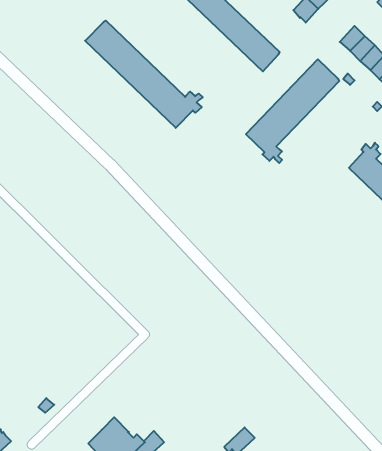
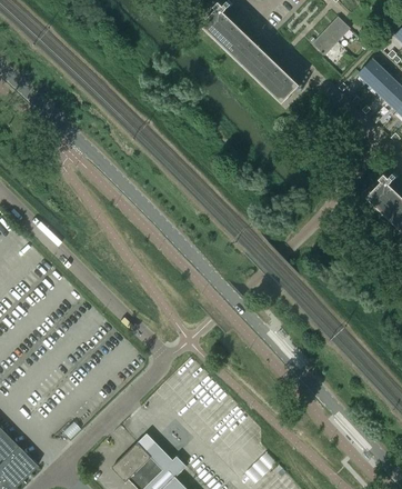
building: [85,21,203,128] -> none
building: [246,59,339,163] -> none

